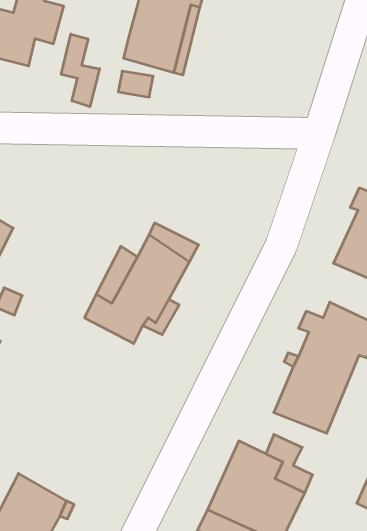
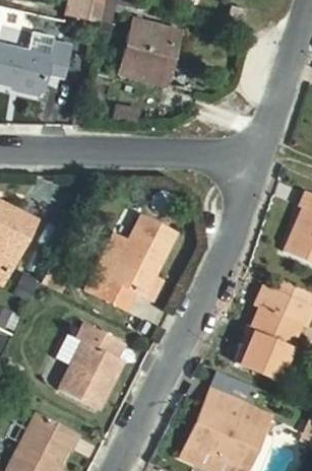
building: [61,34,100,107] -> none
building: none -> [57,319,120,407]

